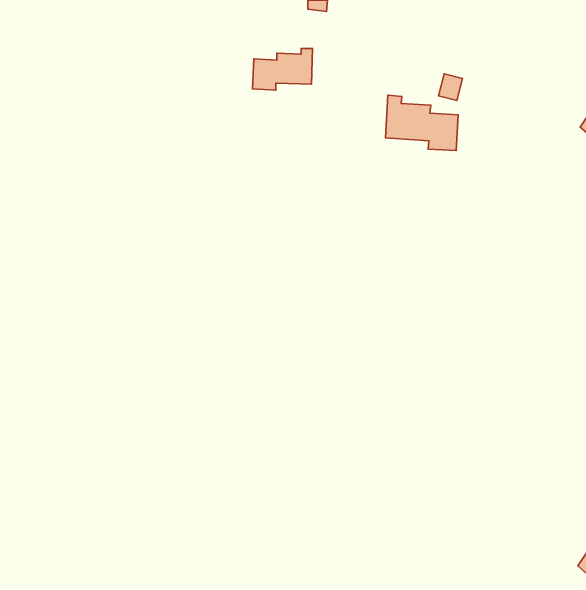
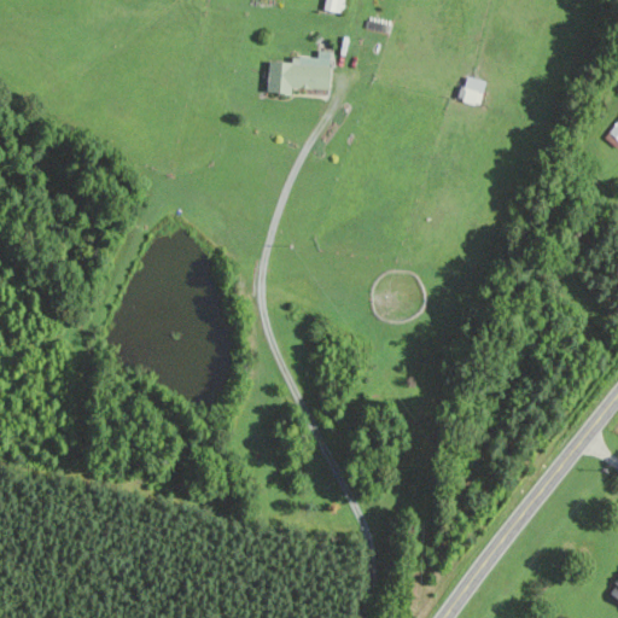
building: [385,95,458,151] -> none

